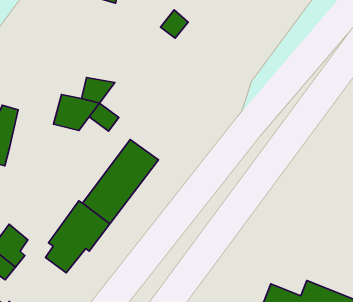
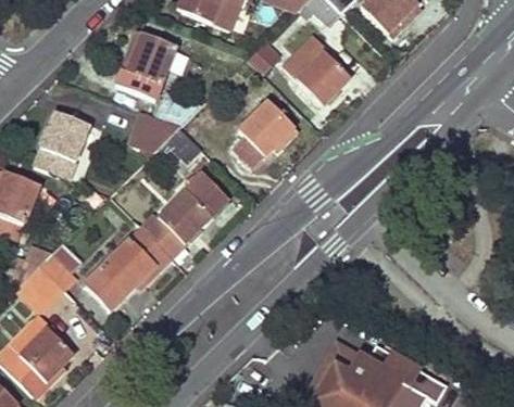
building: none -> [287,39,349,104]
building: none -> [122,31,176,99]
building: none -> [235,101,297,165]

